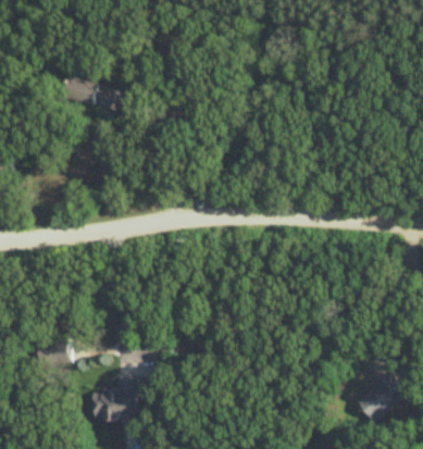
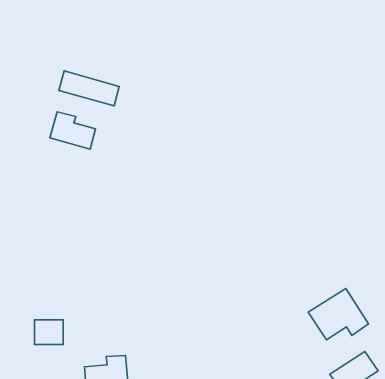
building: none -> [50,112,96,149]
building: none -> [308,288,369,340]

